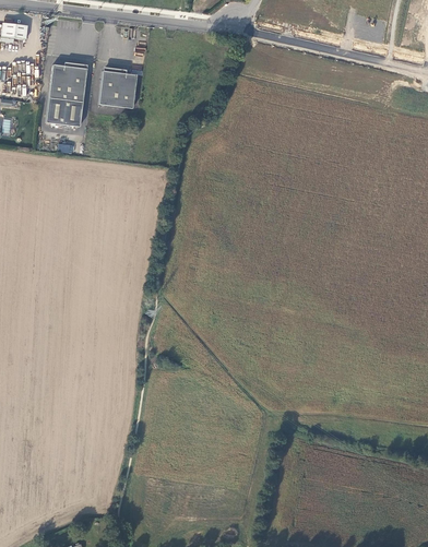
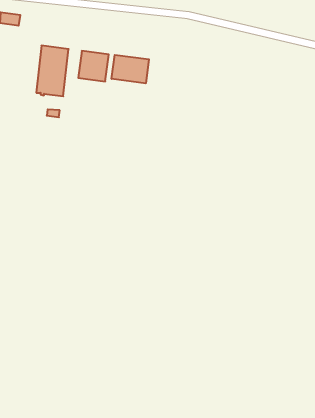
building: none -> [112,55,149,83]

